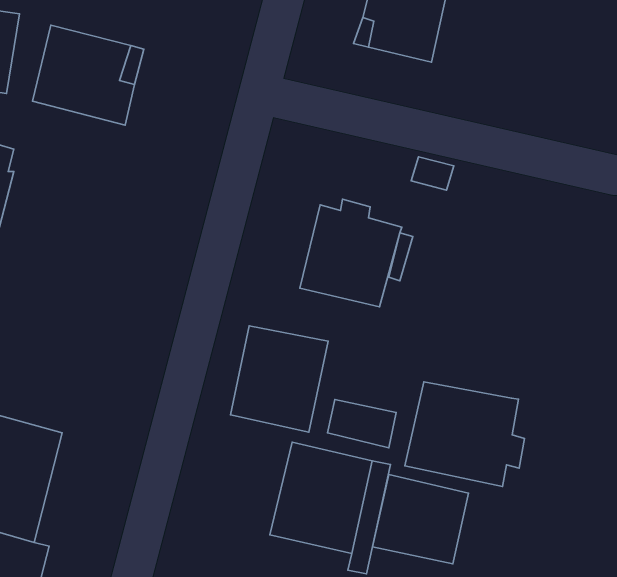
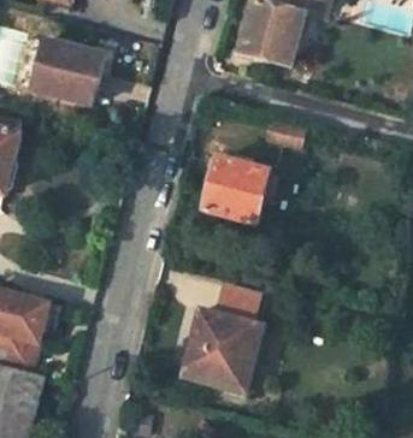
building: [231,326,328,432] -> none
building: [405,382,525,487] -> none
building: [373,475,468,564] -> none

